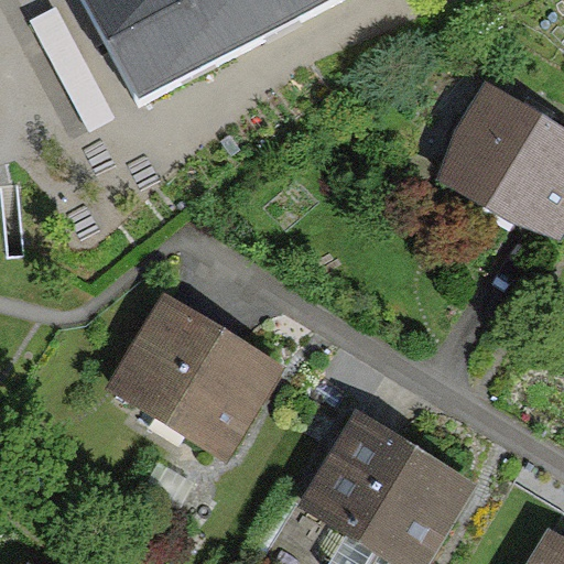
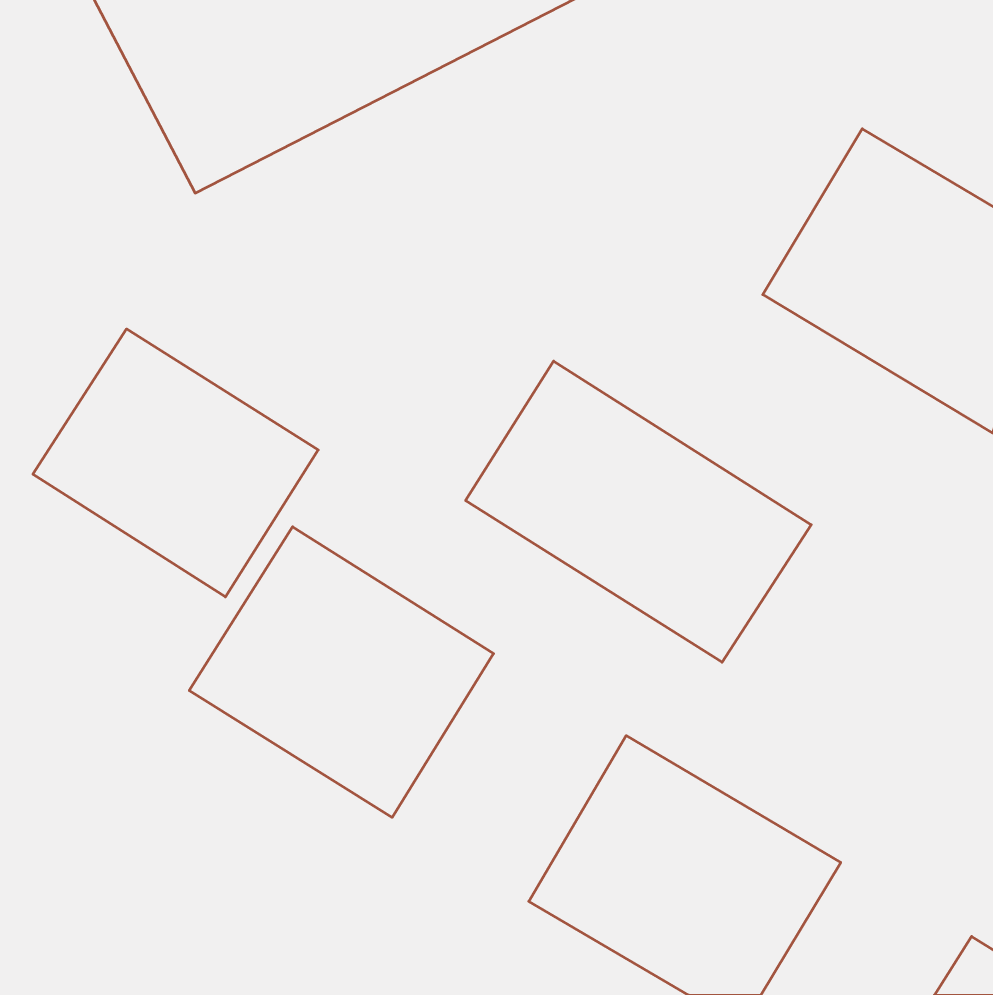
building: none -> [33,329,318,597]
building: none -> [466,361,811,662]

